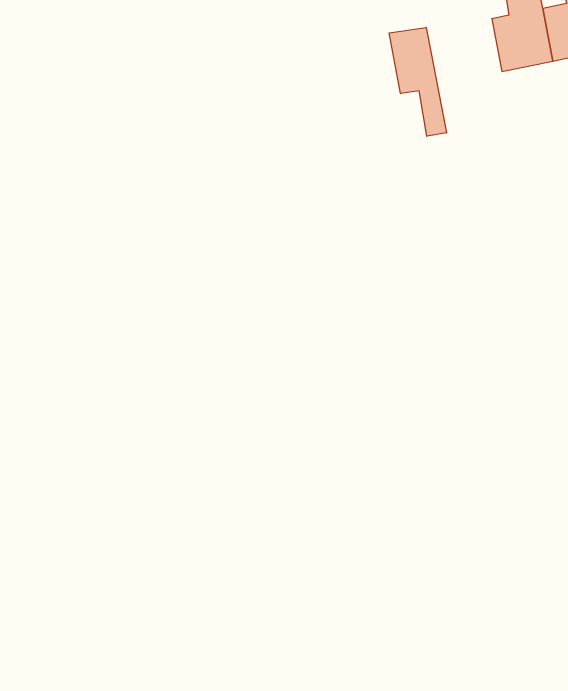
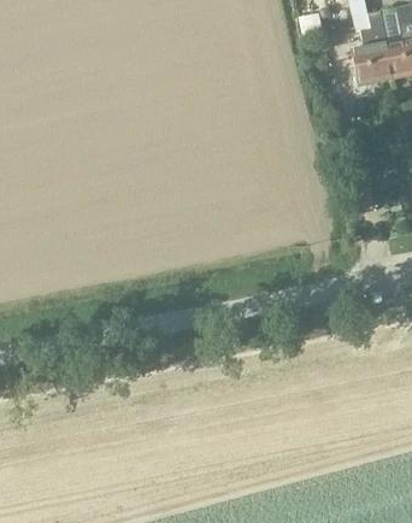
building: [389,27,446,136] -> none

